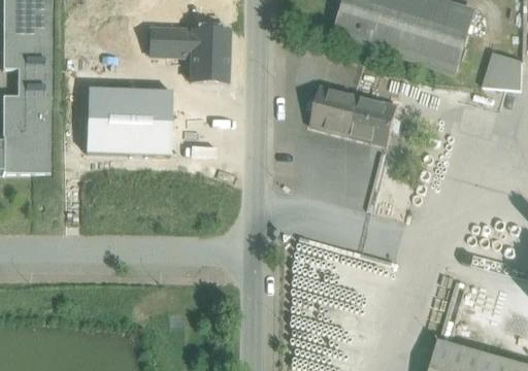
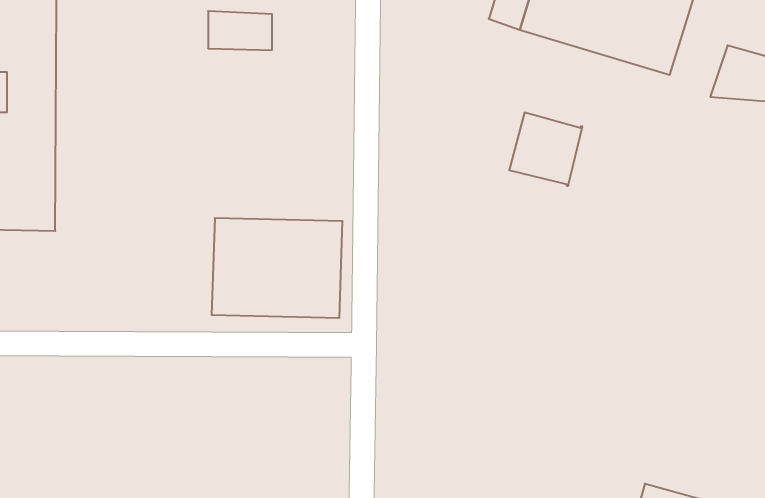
building: [191,30,227,79] -> none
building: [310,85,359,133] -> none
building: [85,88,171,154] -> [212,218,343,318]

